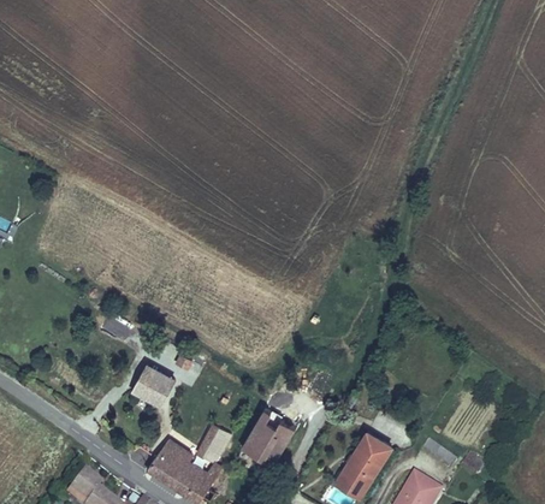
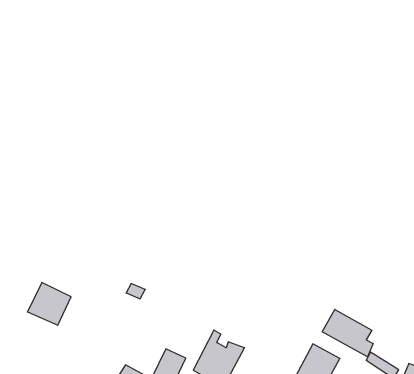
building: [130,361,177,407] -> [27,283,71,325]
building: none -> [322,309,373,357]

